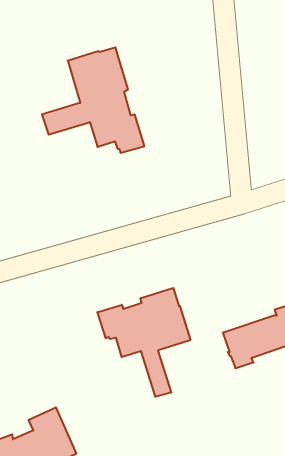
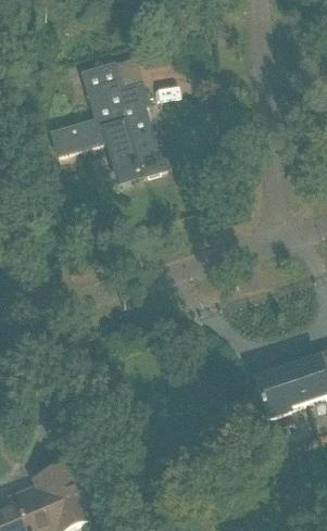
building: [97,288,190,397] -> none

